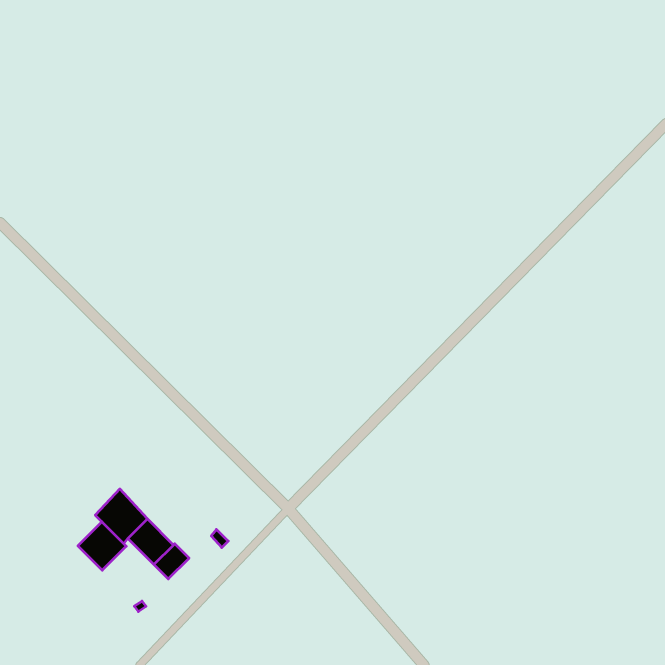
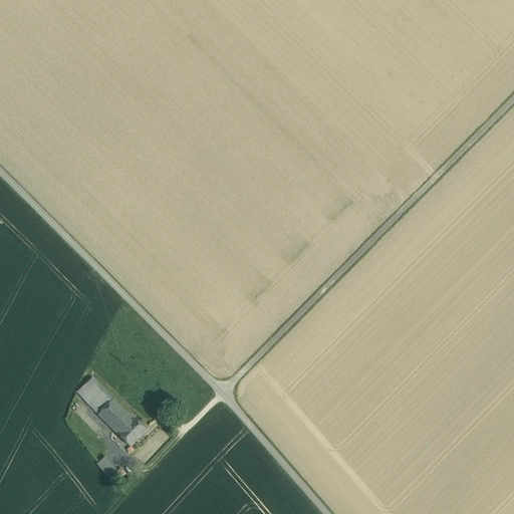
building: [78,522,126,570] -> none

